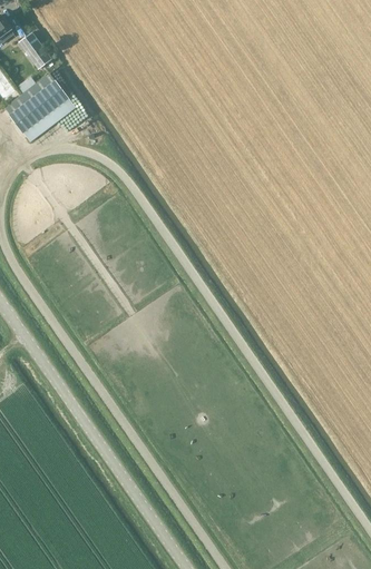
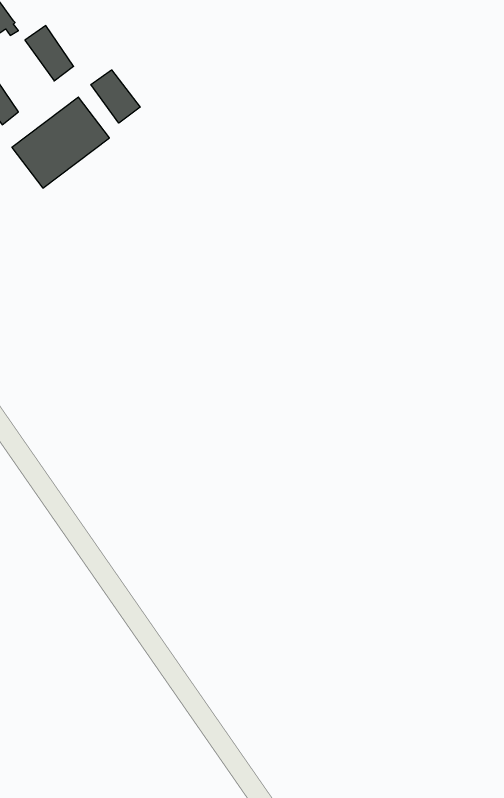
building: none -> [91,70,140,123]

